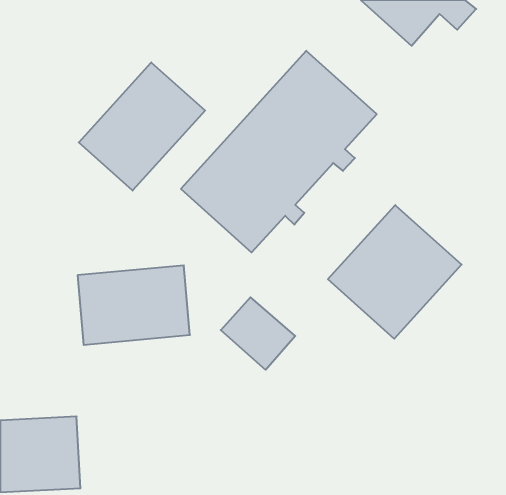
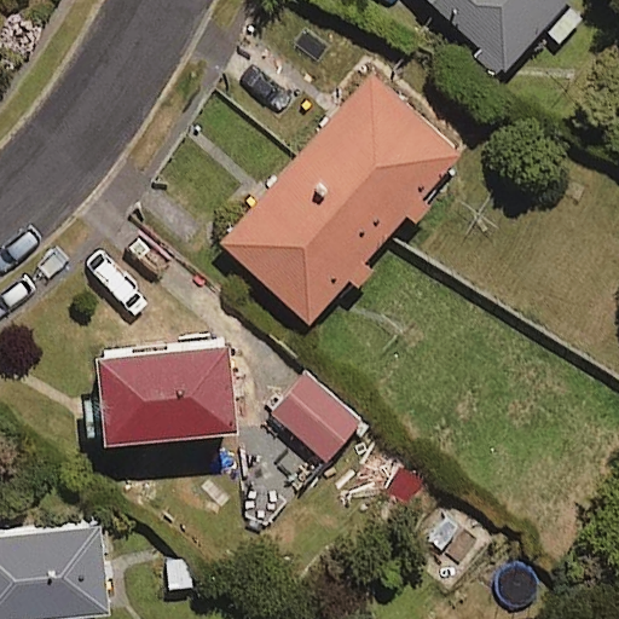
building: [79,62,205,191] -> none
building: [328,205,462,339] -> none

